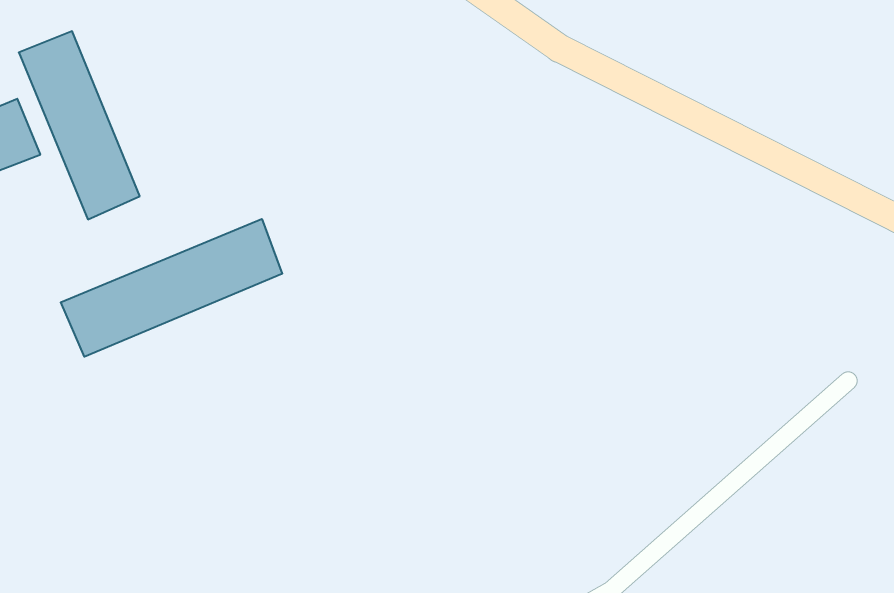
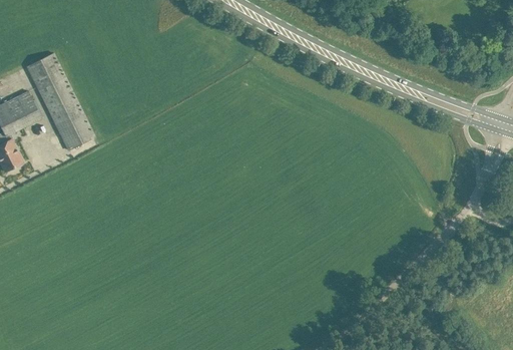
building: [61,219,282,357] -> none

